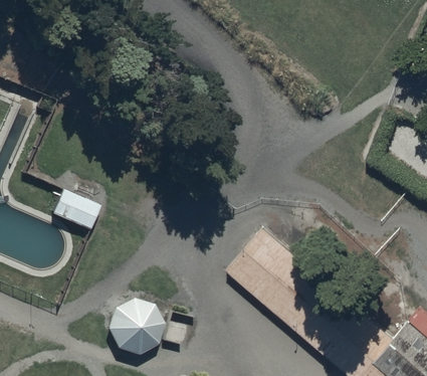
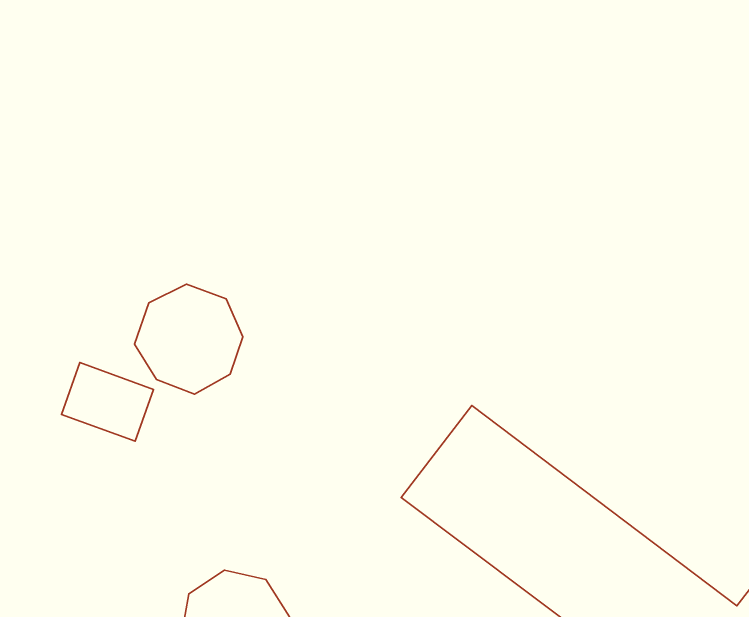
building: none -> [135,284,243,394]

